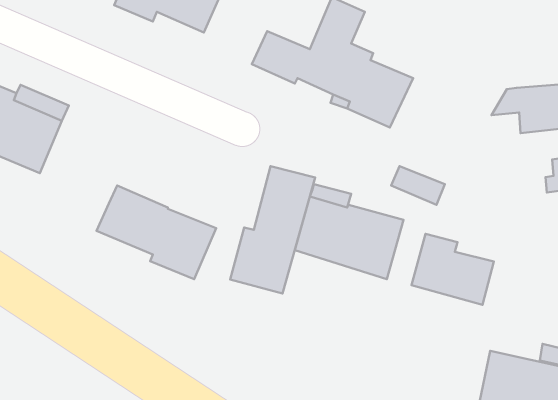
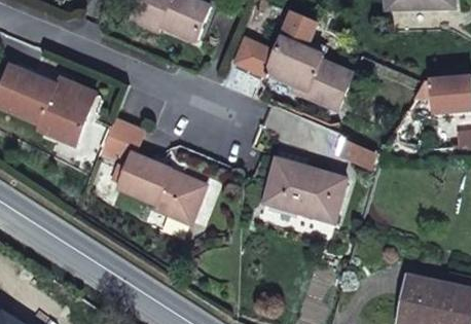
building: none -> [98,117,142,167]
building: [230,166,315,294] -> none
building: [411,234,494,305] -> none

